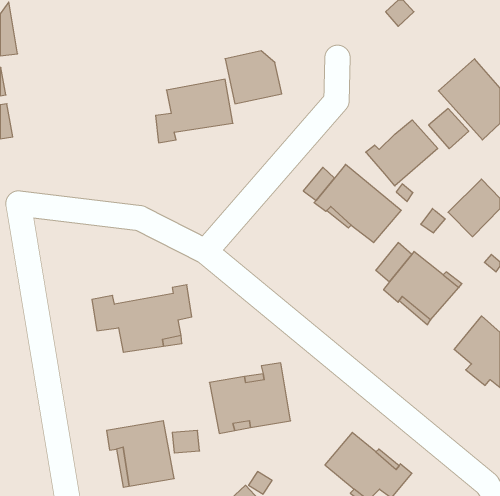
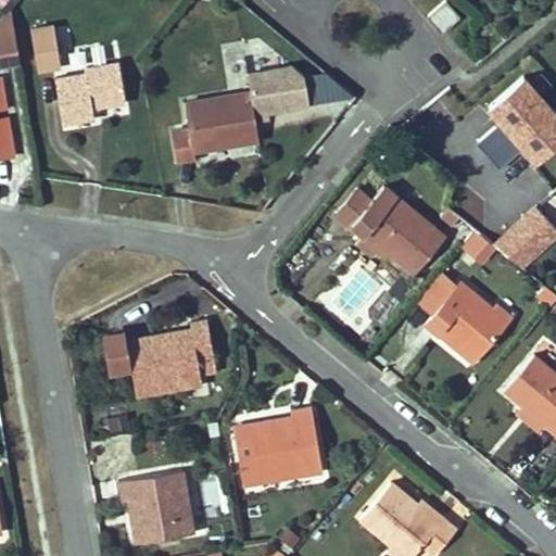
building: none -> [31,28,62,72]
building: none -> [56,63,125,126]
building: [366,120,438,186] -> none

